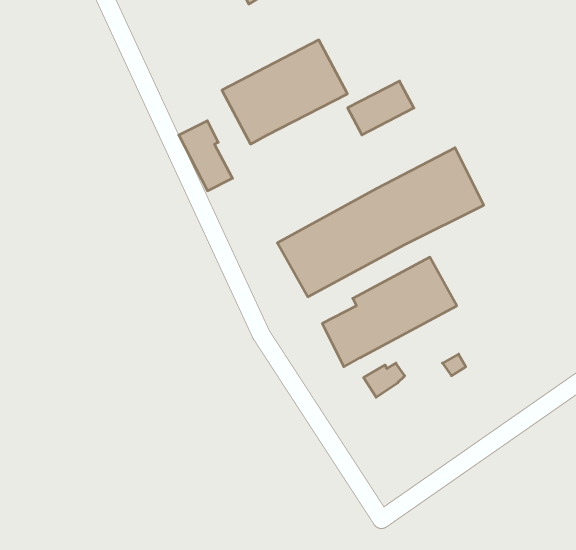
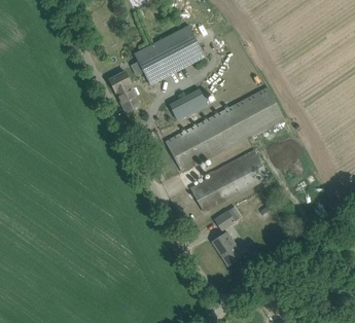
building: [348,81,414,135] -> [170,88,208,119]
building: none -> [213,231,243,265]

